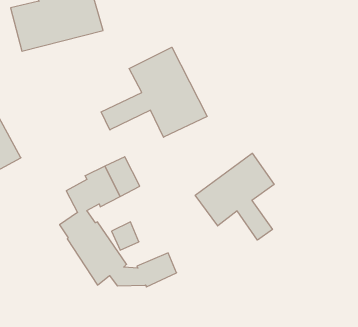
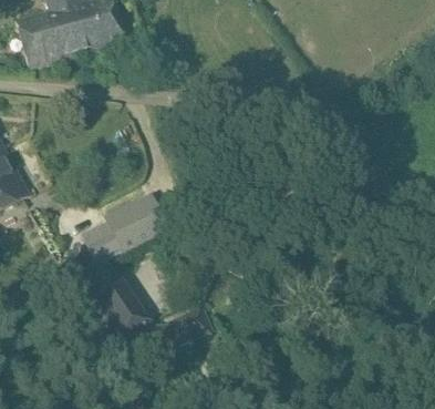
building: [101,47,207,137] -> none
building: [195,153,274,240] -> none

